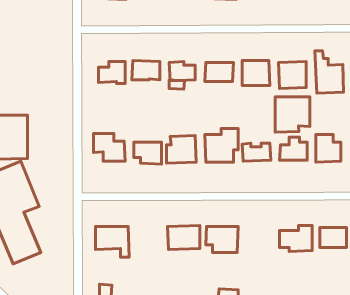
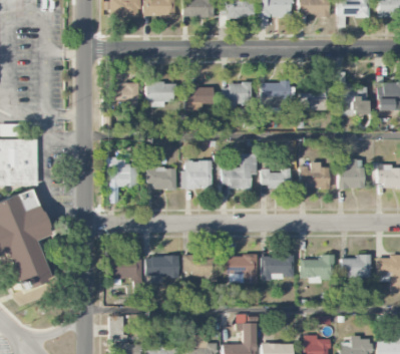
building: [275,97,310,132] -> none
building: none -> [261,255,294,279]
building: none -> [144,256,178,279]

